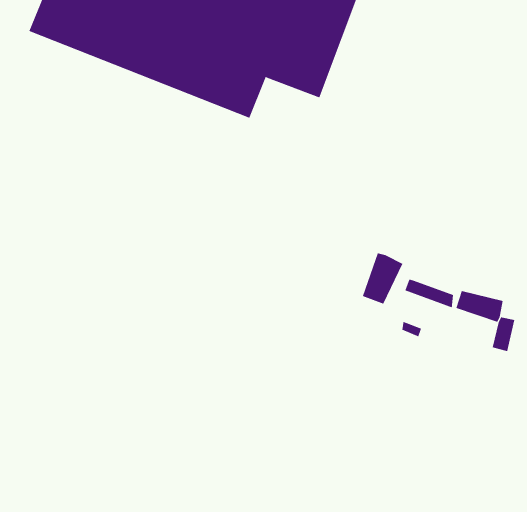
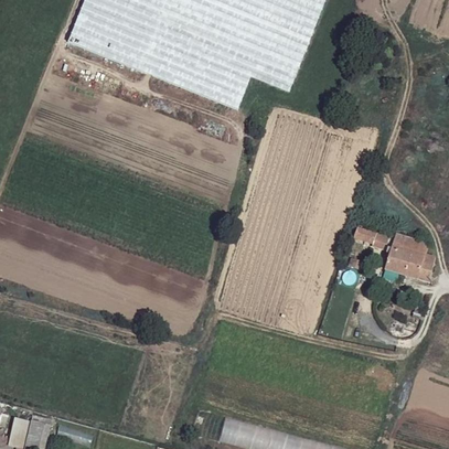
building: [362,253,403,304] -> none
building: none -> [384,249,423,279]

